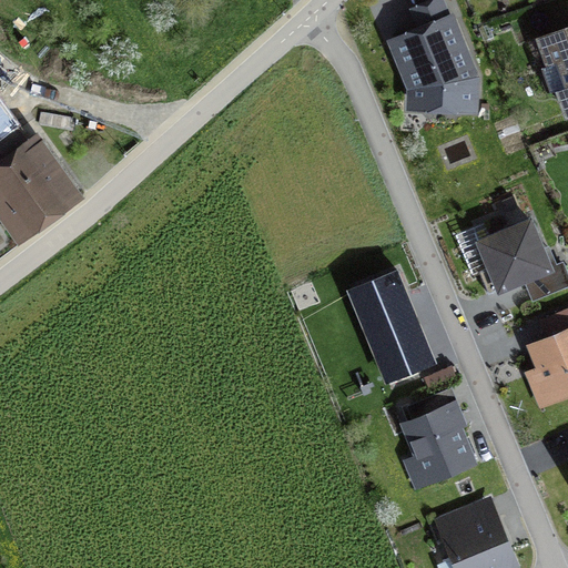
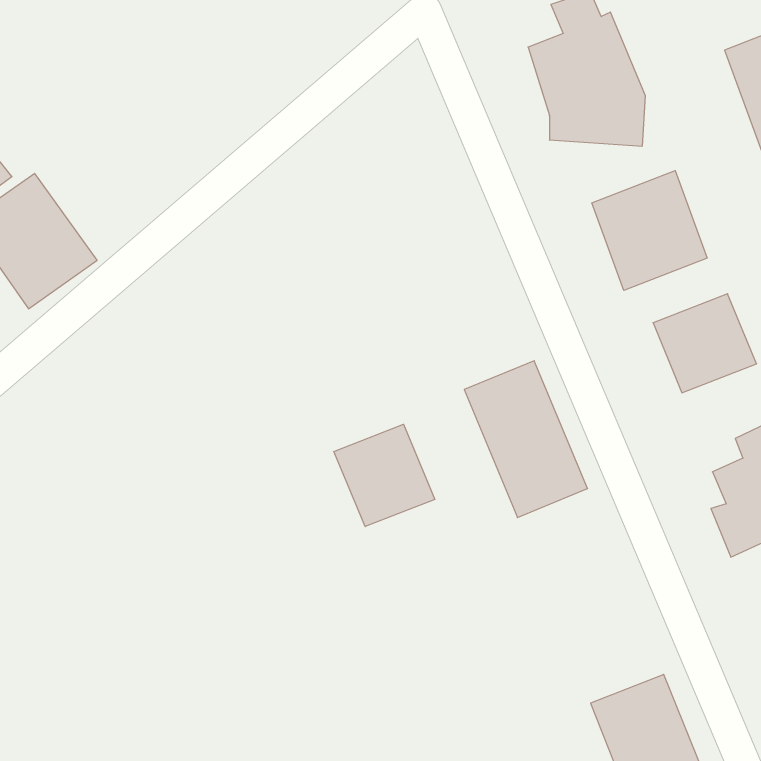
building: none -> [592,171,707,290]
building: none -> [334,424,435,527]
building: [402,389,480,493] -> none

